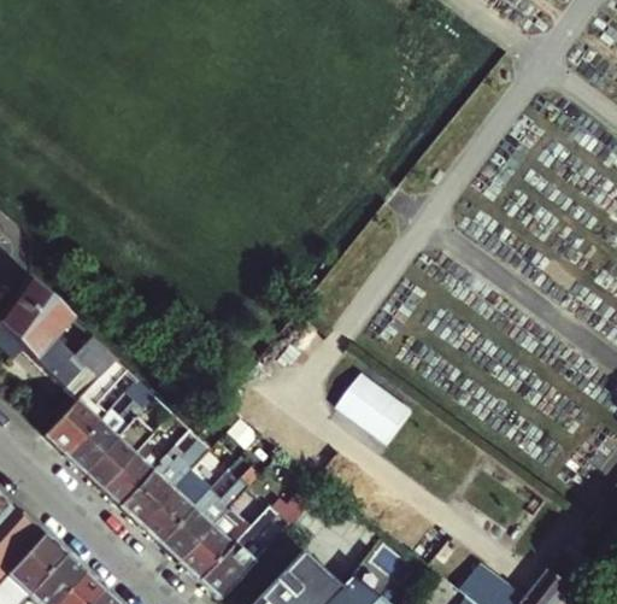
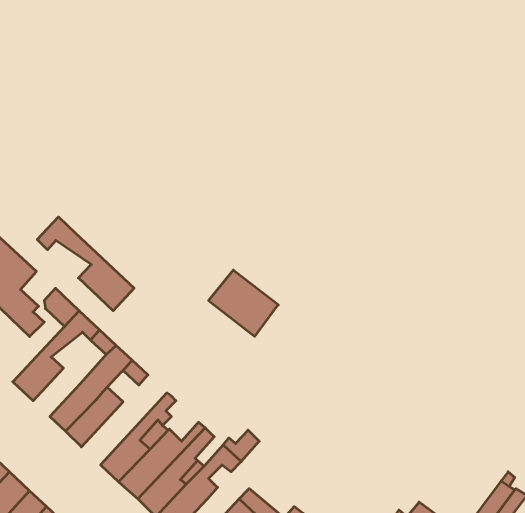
building: none -> [37,217,134,311]
building: [340,375,415,446] -> [209,270,278,336]
building: [69,422,119,474] -> none
building: [121,442,212,526] -> none

